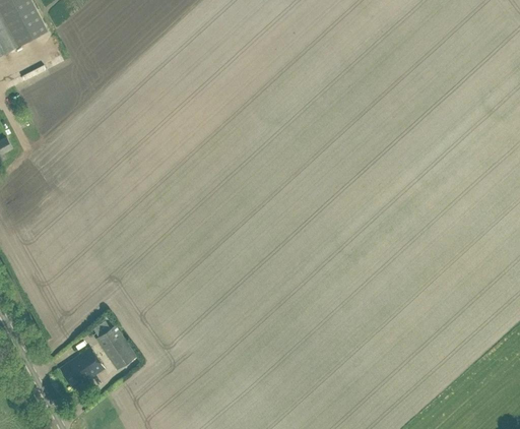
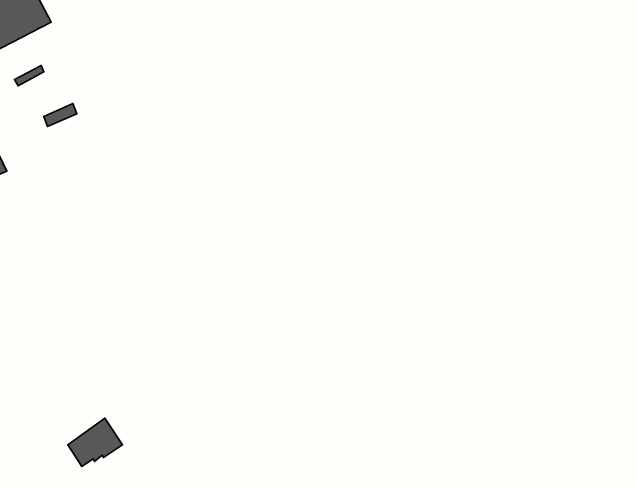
building: [92,322,136,370] -> none

